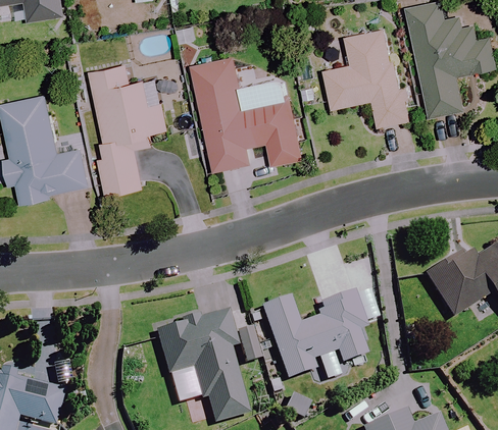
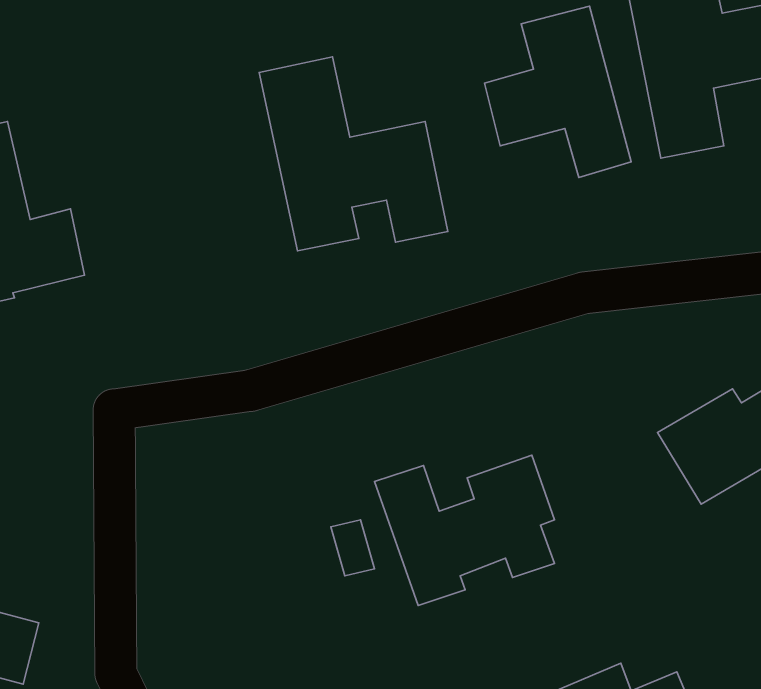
building: [90,62,166,195] -> none
building: [154,309,246,420] -> none

